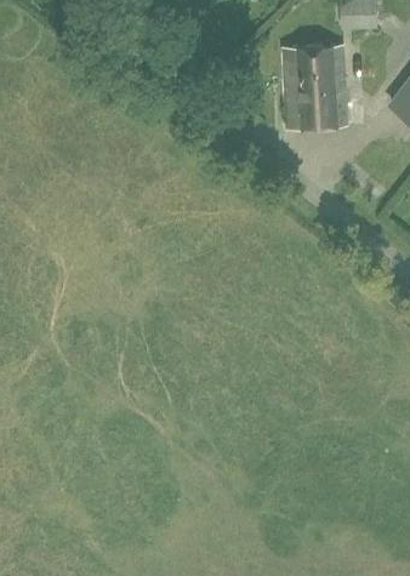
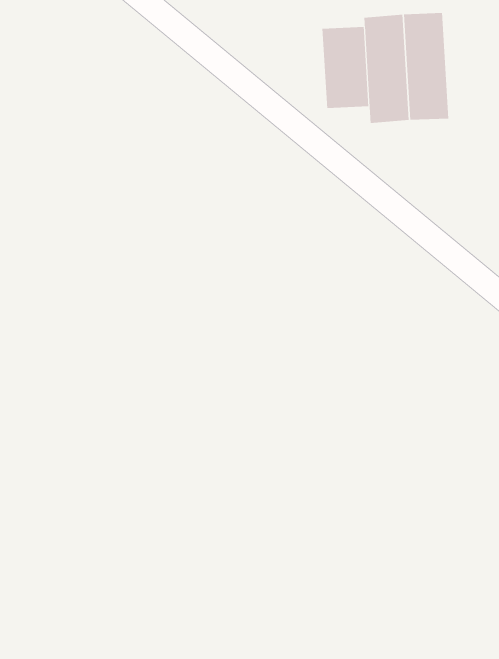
building: none -> [322,26,369,109]

